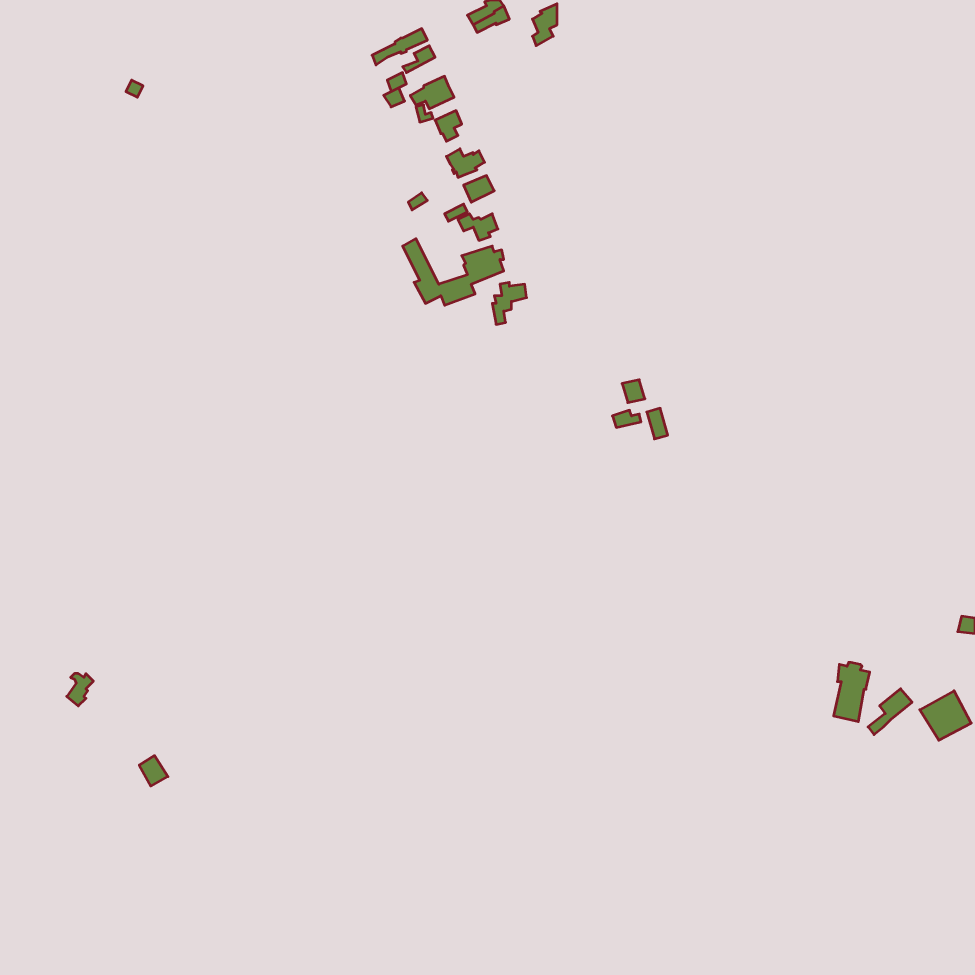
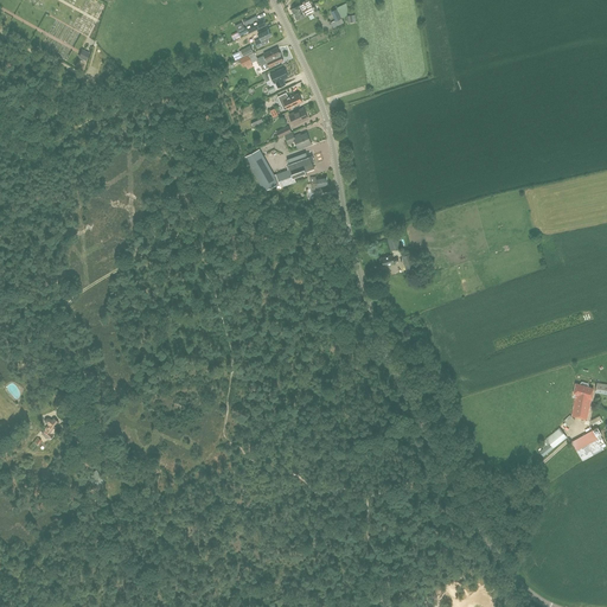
building: [834,662,870,722] -> [571,382,594,418]

